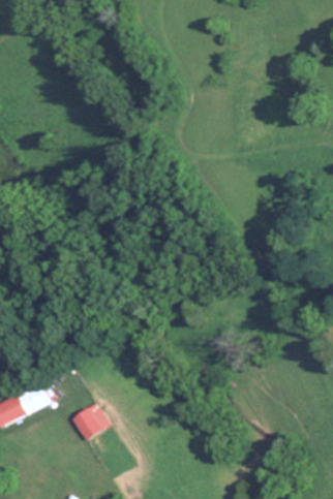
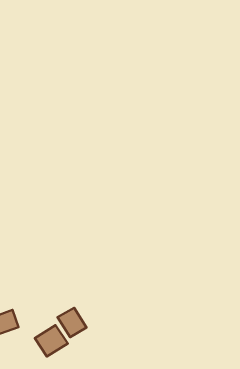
building: none -> [58,308,86,337]

